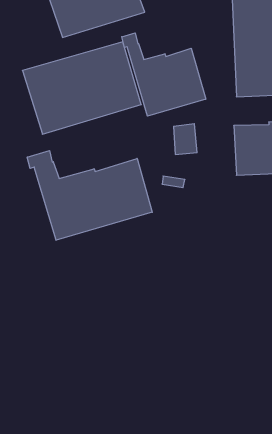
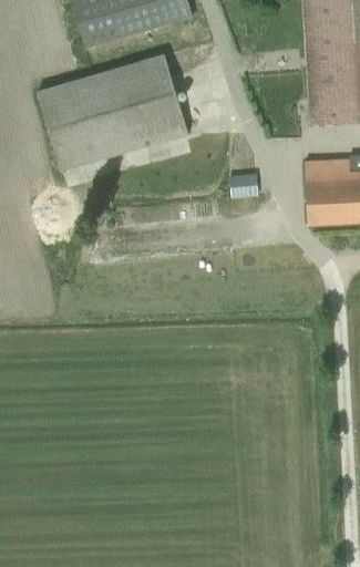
building: [122,33,206,116] -> none
building: [27,151,152,240] -> none

